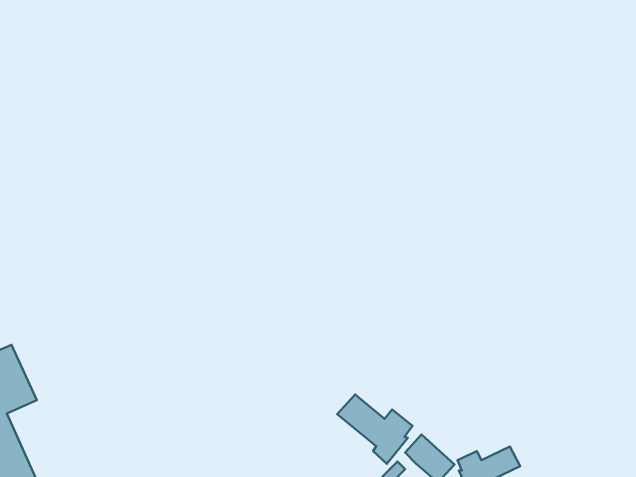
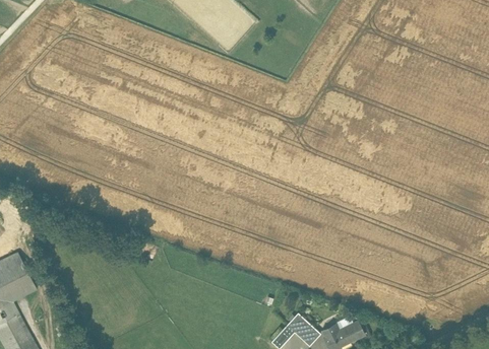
building: [337,395,413,464] -> none

